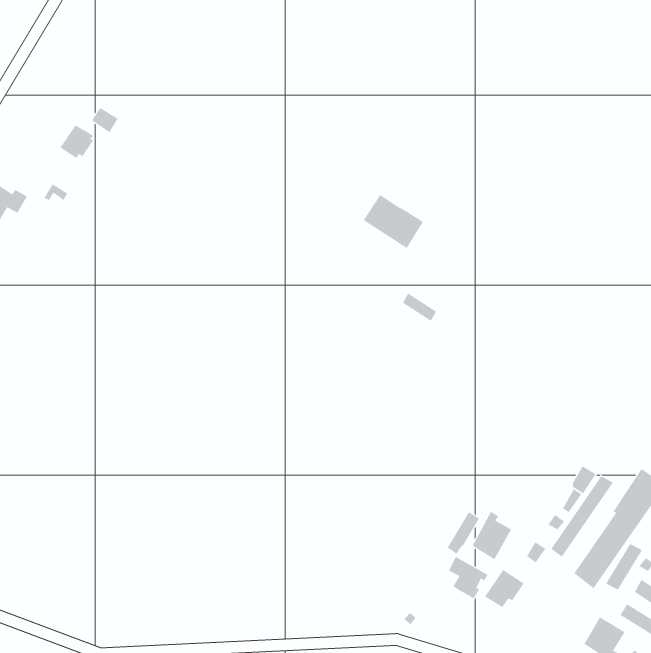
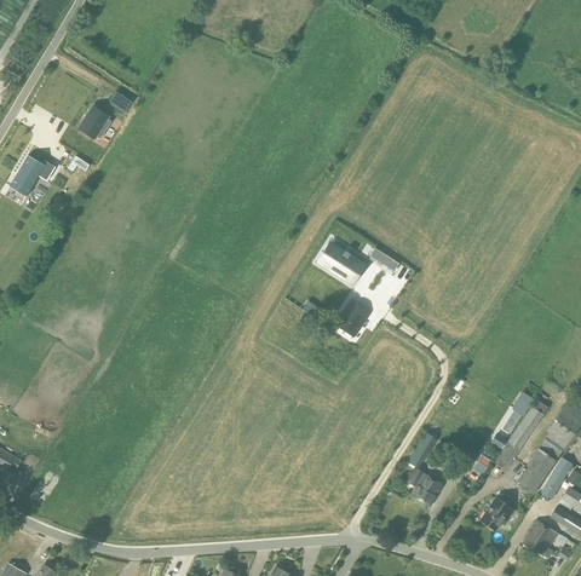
building: [363,194,423,249] -> [316,240,367,286]
building: none -> [335,299,372,336]
building: [472,511,512,560] -> none
building: [484,569,525,608] -> [481,497,514,530]

